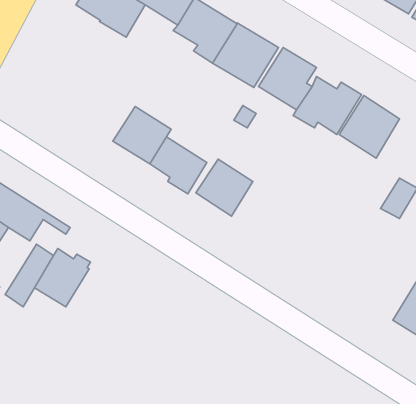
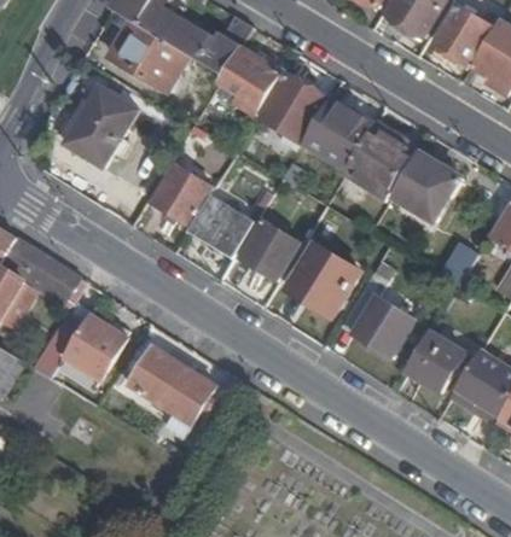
building: none -> [63,86,137,167]
building: none -> [286,244,359,316]
building: none -> [341,246,417,358]
building: none -> [406,327,465,389]
building: none -> [128,346,214,439]

